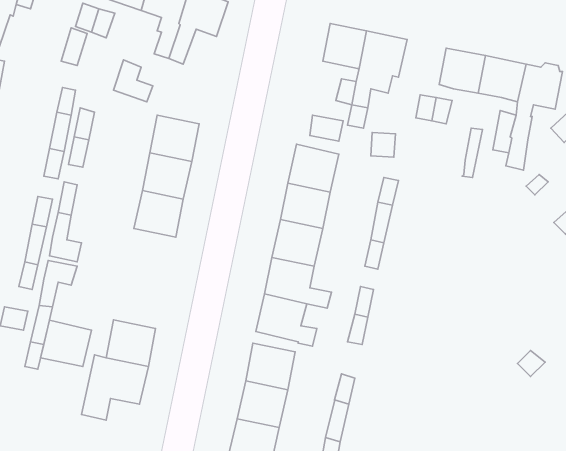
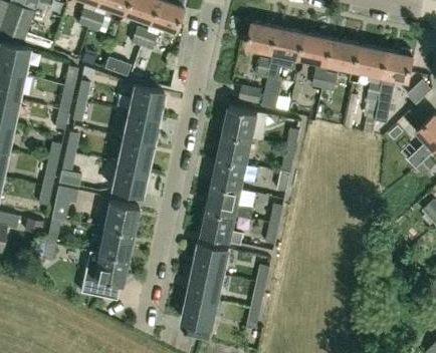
building: none -> [300,33,334,64]
building: none -> [113,163,147,195]
building: [41,320,91,367] -> [103,201,139,233]

